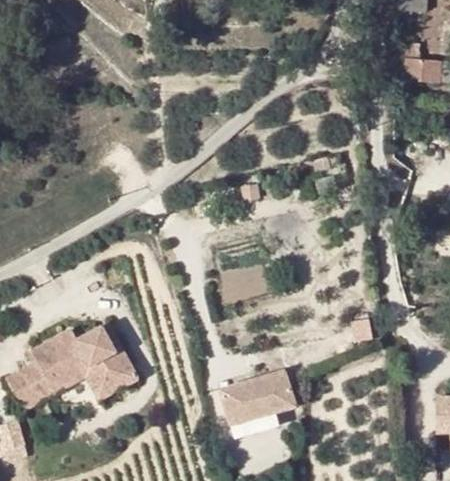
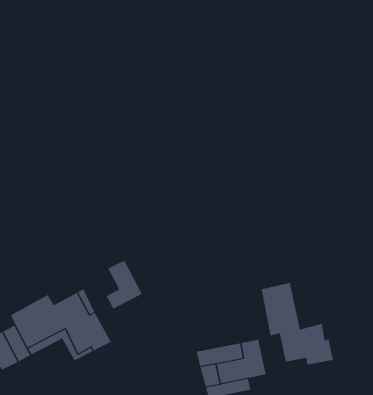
building: none -> [106,260,143,310]
building: none -> [261,282,334,366]

